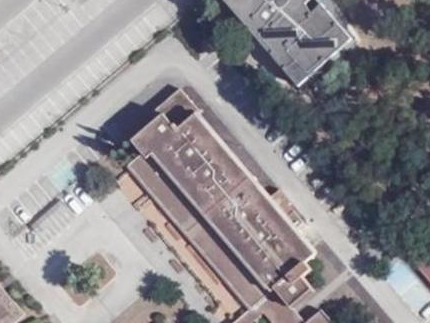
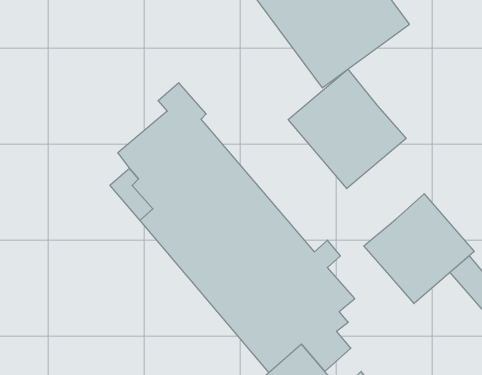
building: none -> [288,69,406,189]
building: none -> [364,194,474,304]

